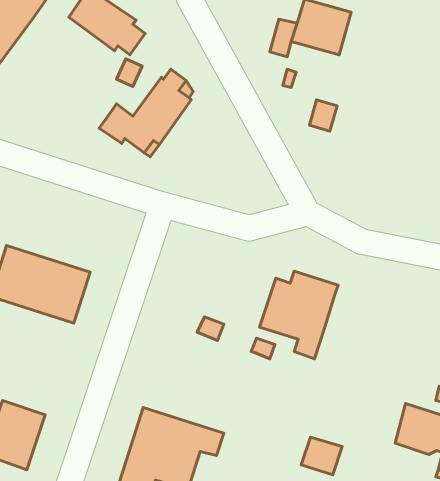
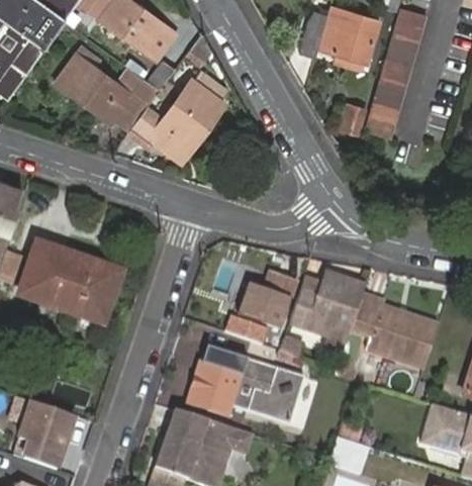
building: none -> [363,8,426,139]
building: none -> [55,53,131,121]
building: none -> [238,273,295,325]
building: none -> [353,294,441,366]
building: none -> [188,349,306,426]

